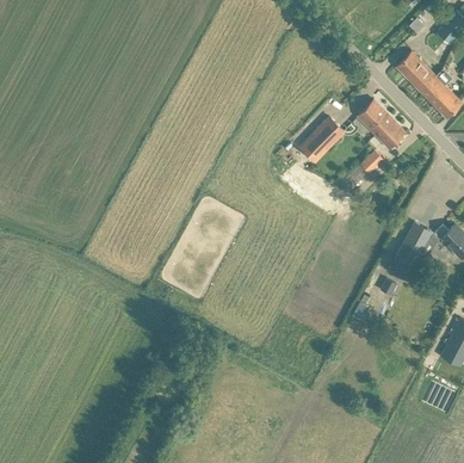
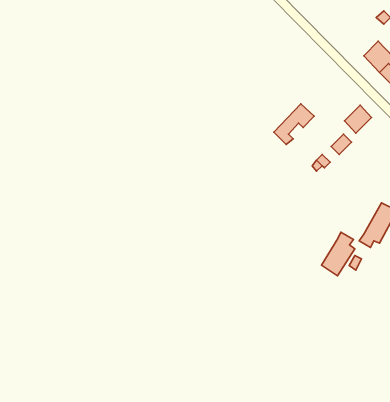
building: [358,100,394,136] -> none
building: none -> [322,232,355,276]

